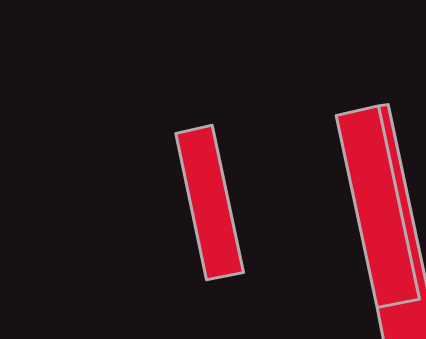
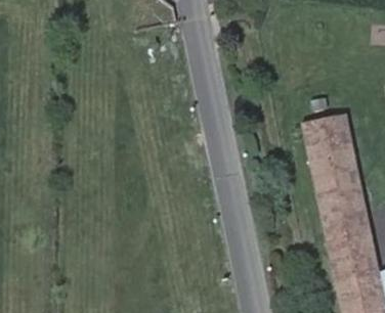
building: [176,125,244,280] -> none

